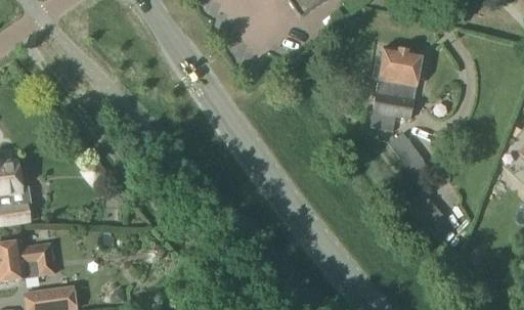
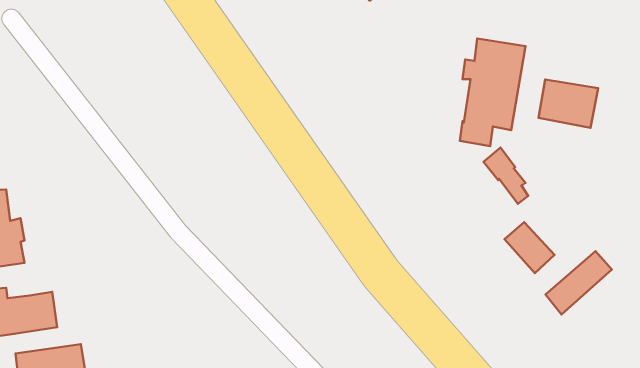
building: none -> [539,80,598,128]
building: none -> [545,251,612,314]

